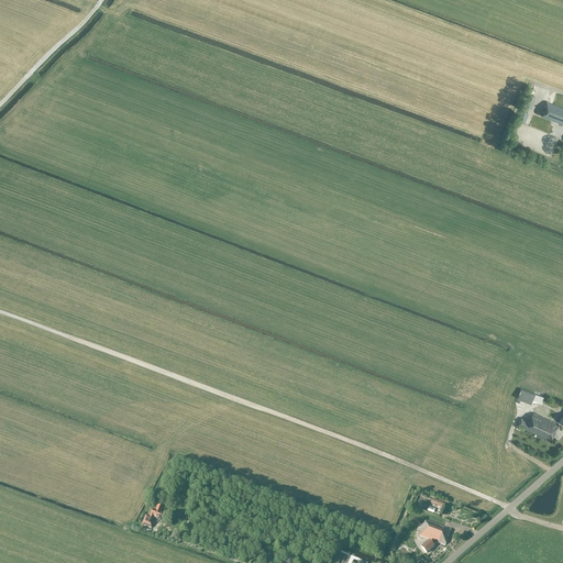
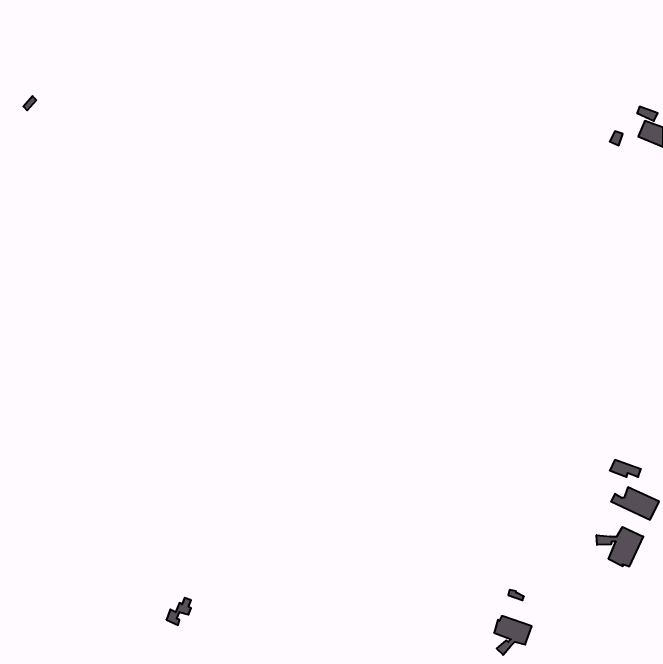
building: none -> [597,527,643,567]

